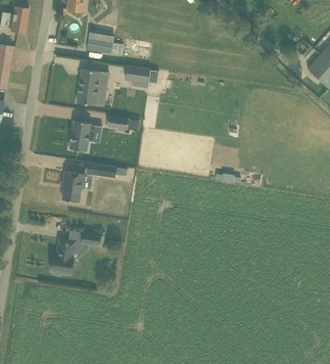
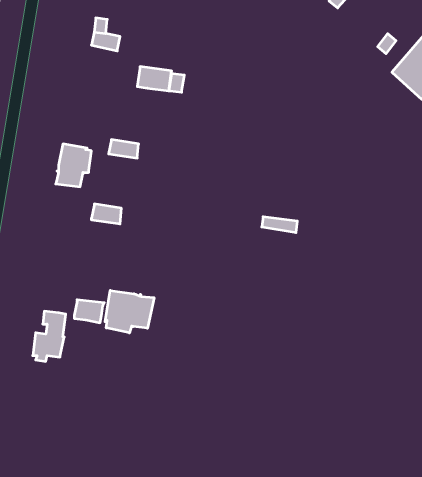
building: [77,67,109,104] -> none
building: [61,170,85,201] -> none
building: none -> [105,290,154,333]

